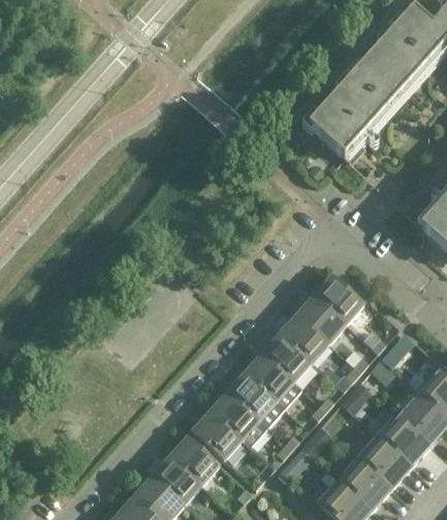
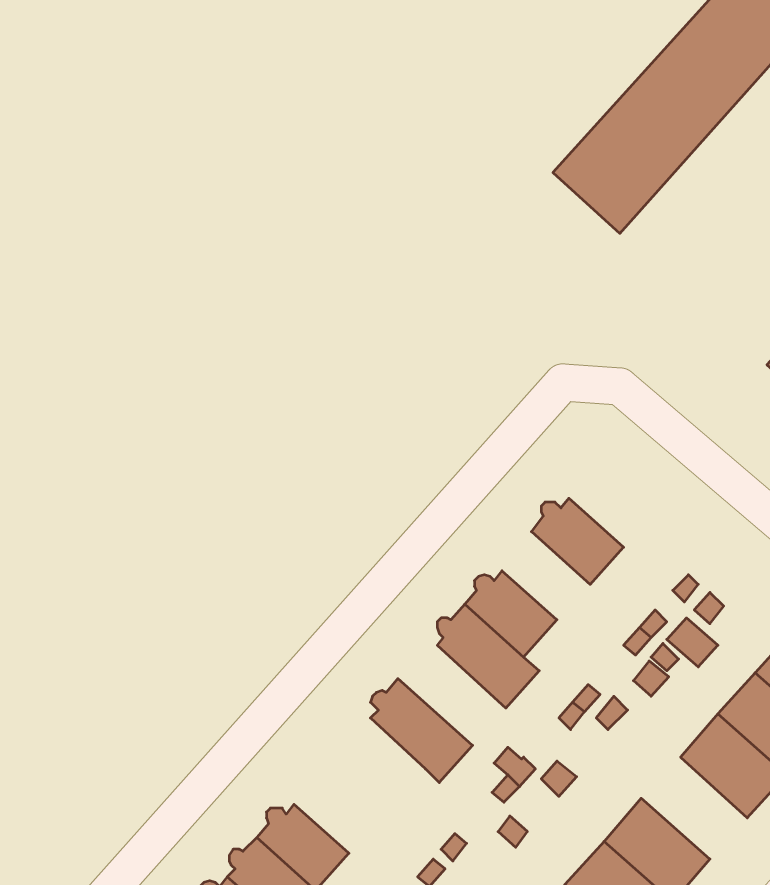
building: [317,275,363,324] -> none
building: [282,315,328,362] -> none
building: [227,375,284,428] -> none
building: [192,414,242,460] -> none
building: [355,434,411,488] -> none
building: [172,436,219,485] -> none

